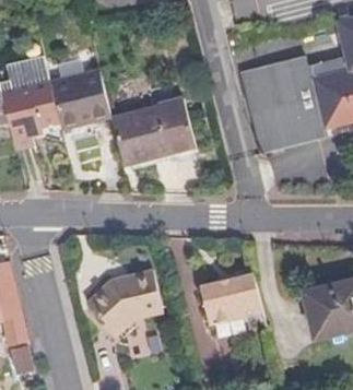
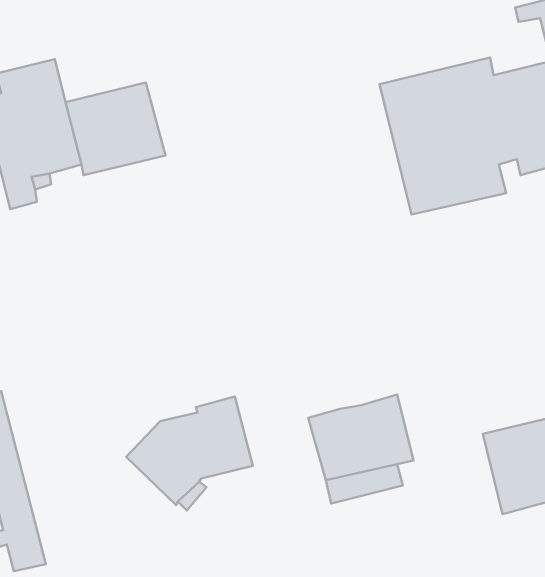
building: [110,99,196,166] -> none

